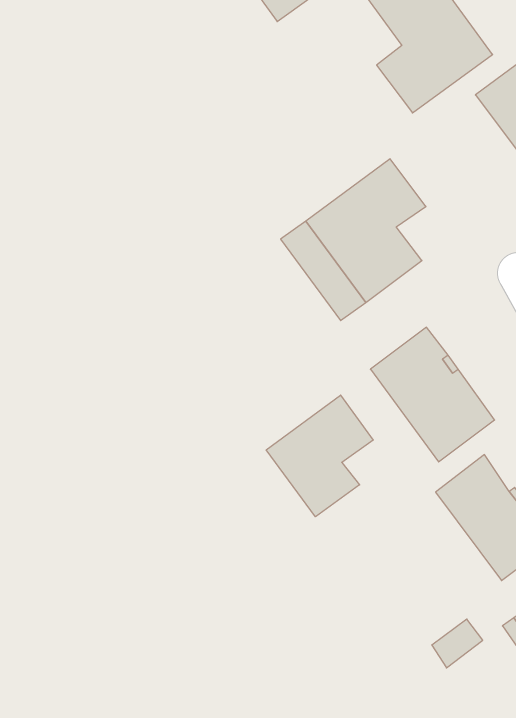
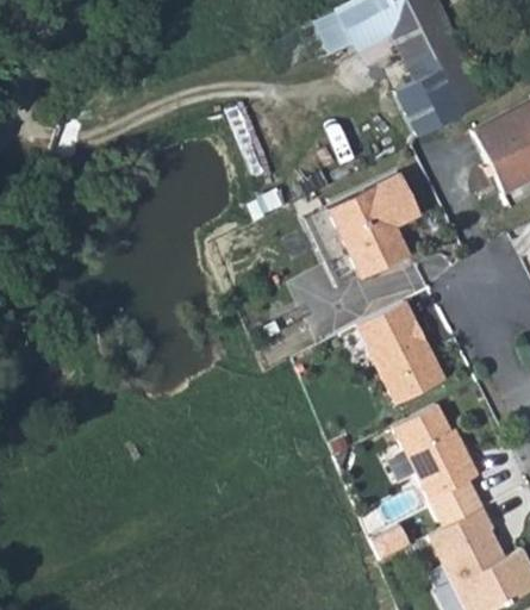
building: [266,395,373,517] -> none

